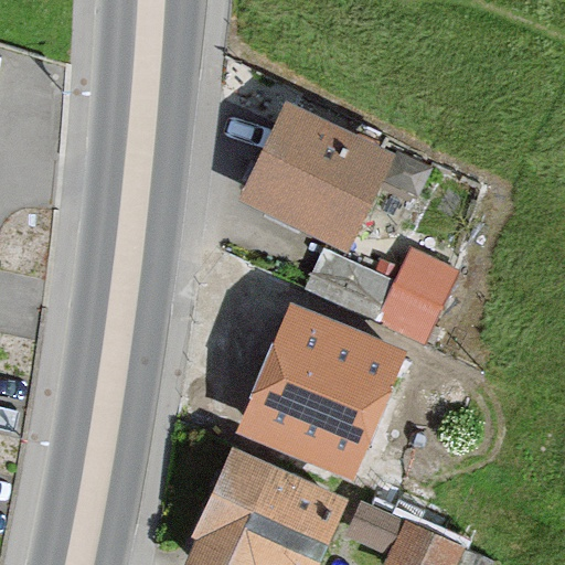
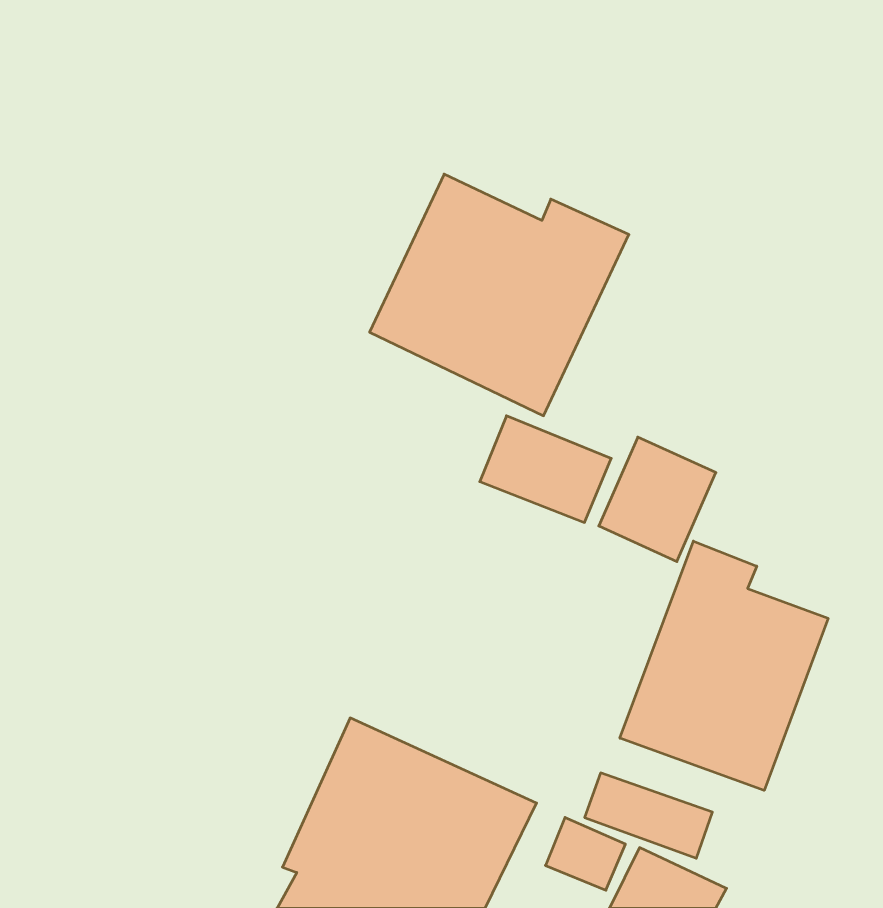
building: [217,265,404,479] -> none
building: none -> [620,541,828,790]

